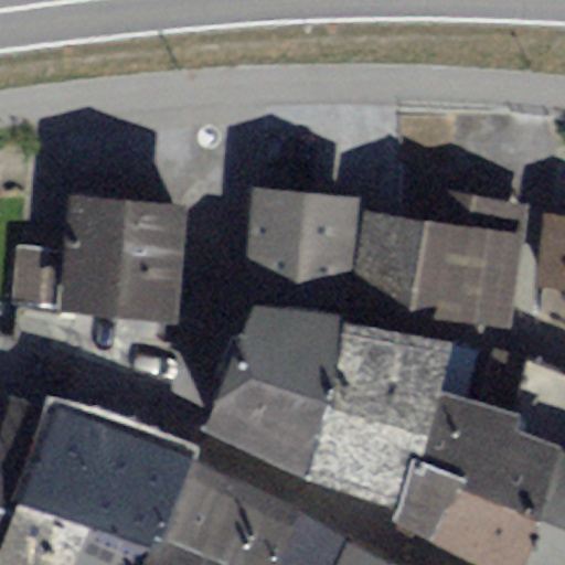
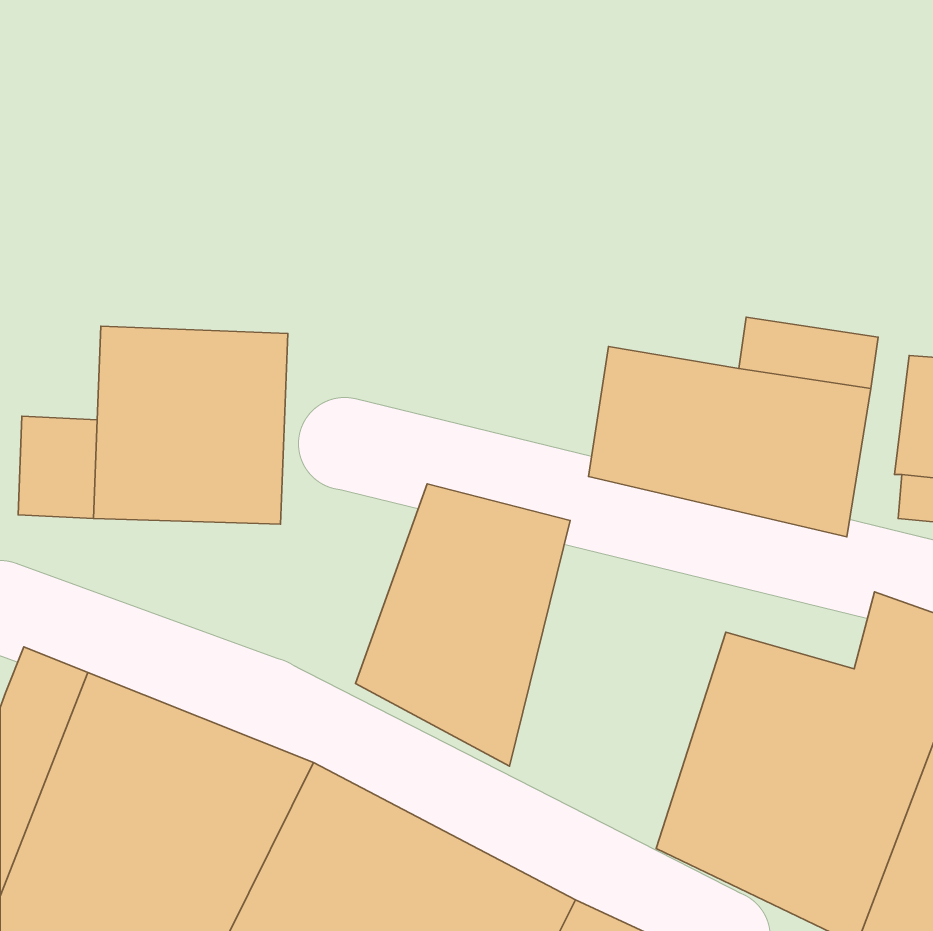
building: [248,192,361,290] -> none
building: [309,317,448,514] -> none

